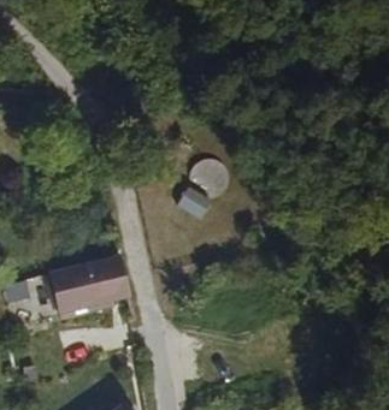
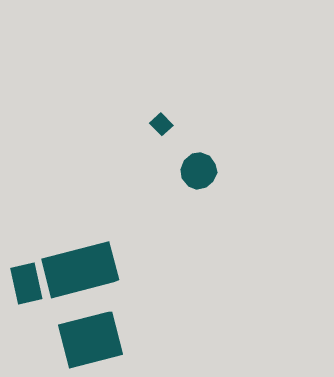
building: none -> [57,311,124,370]

